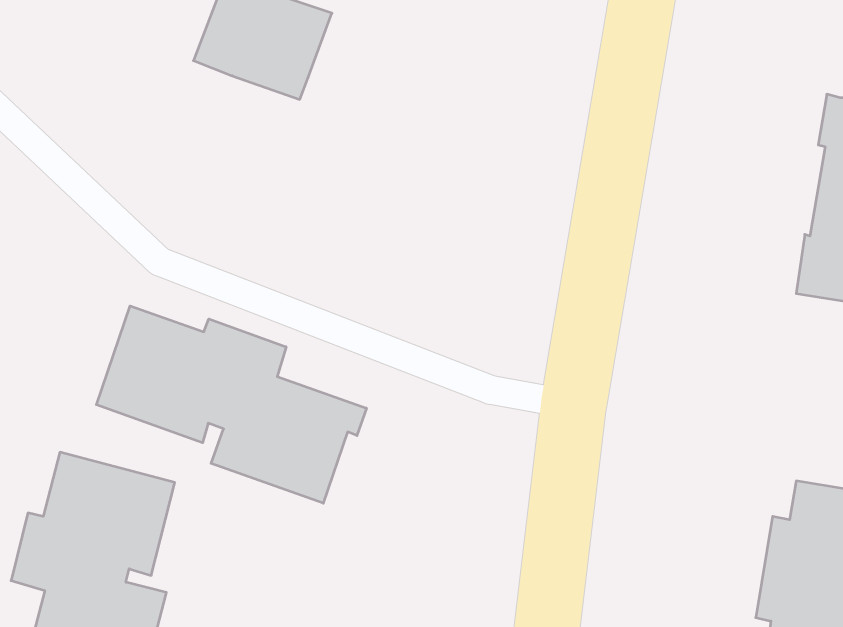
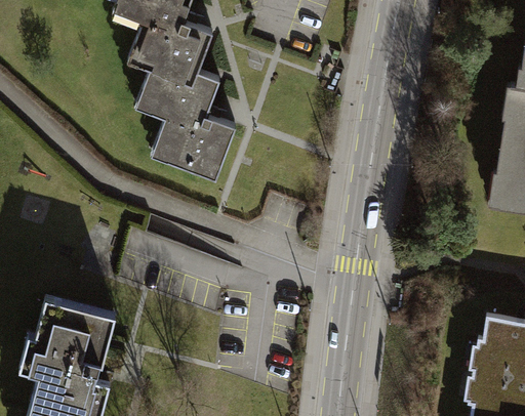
building: none -> [136,72,234,178]
building: [96,306,366,503] -> none

